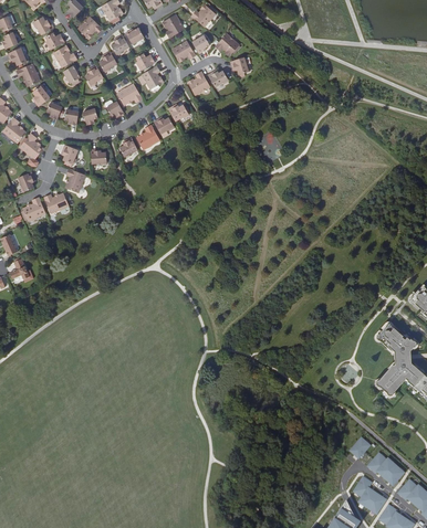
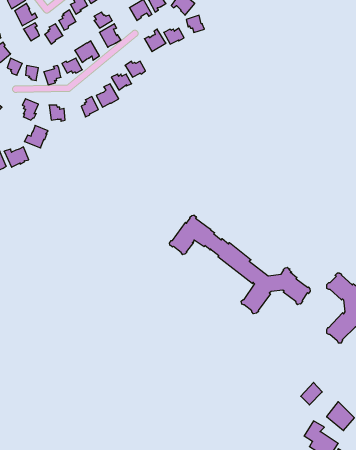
building: none -> [170,215,310,314]

